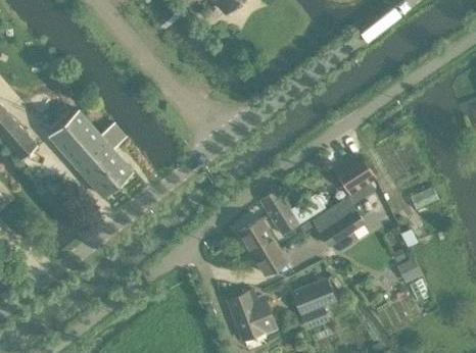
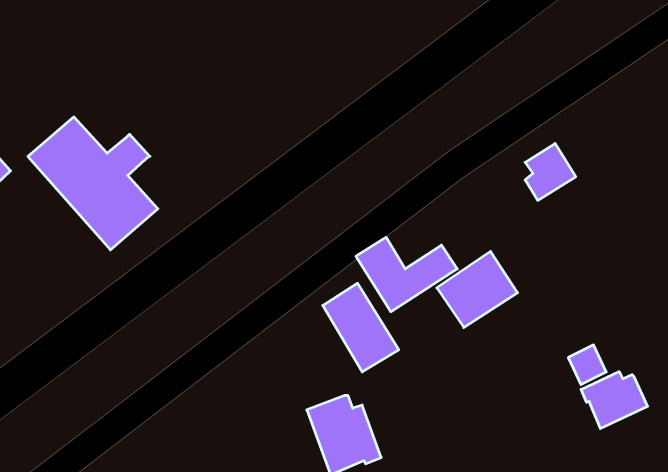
building: [342,156,375,193] -> [525,143,576,200]
building: none -> [581,372,648,429]
building: [293,280,335,315] -> none

